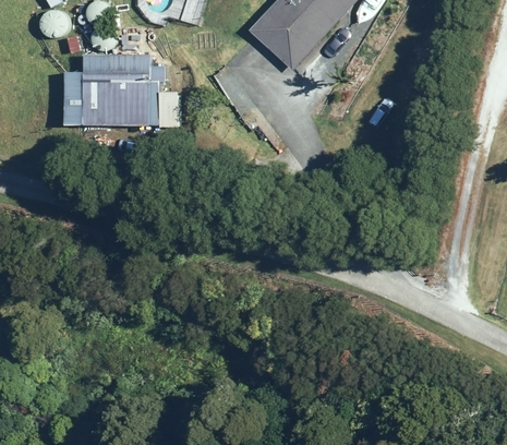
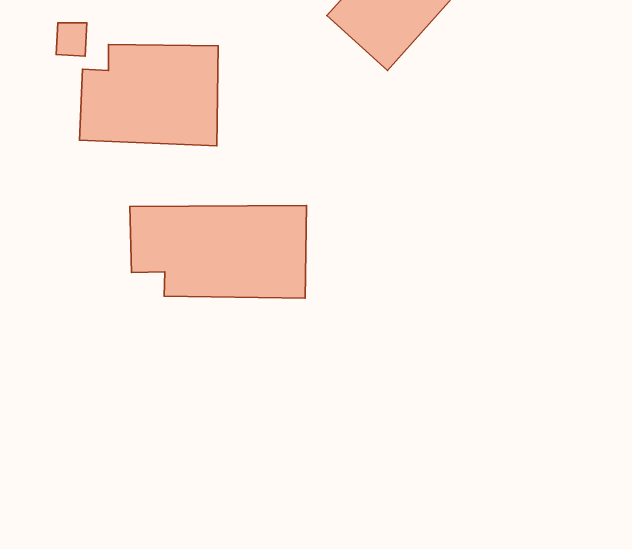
building: none -> [130,205,307,298]

